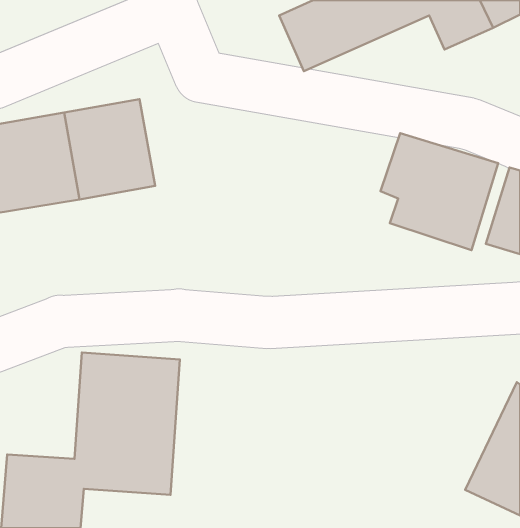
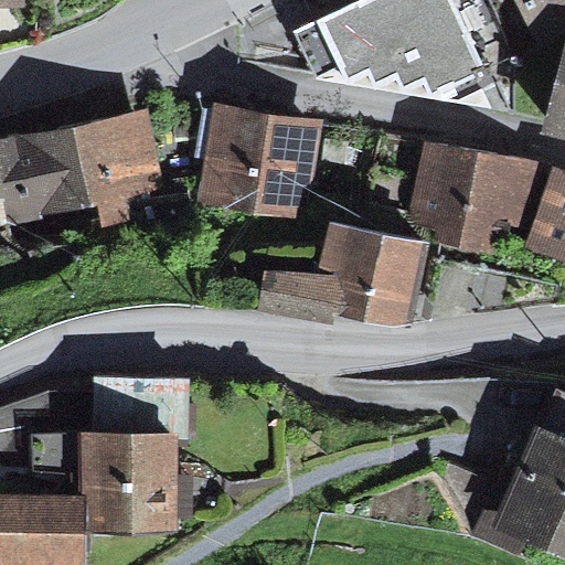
building: none -> [324,17,483,89]
building: none -> [190,95,320,217]
building: none -> [263,225,428,335]

